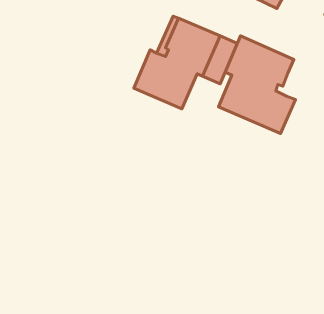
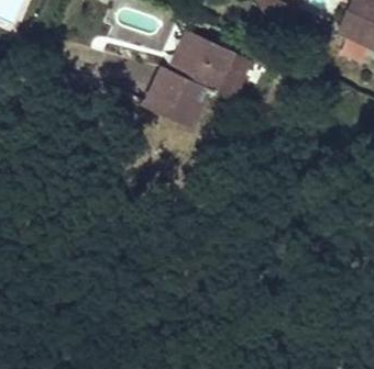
building: [219,36,295,134] -> none

